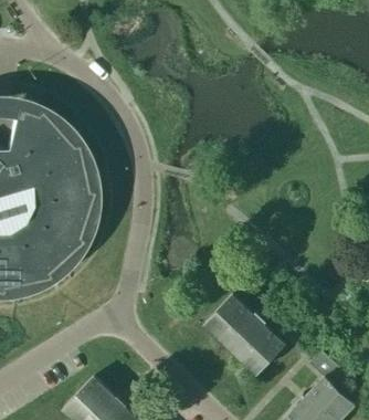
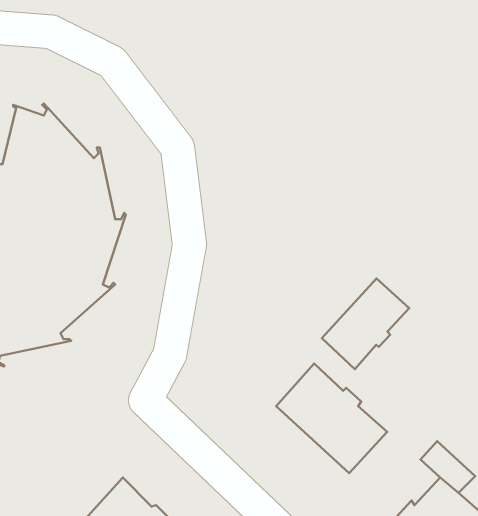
building: none -> [322,278,409,369]

